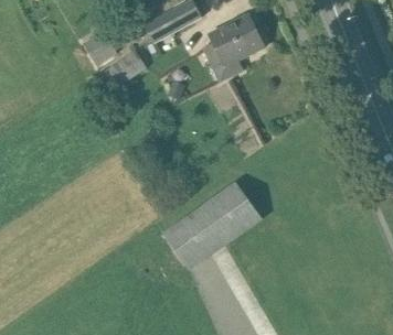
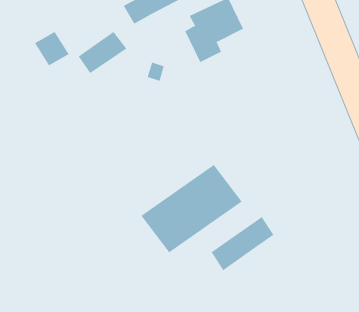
building: [82,29,117,64] -> [34,31,69,66]
building: none -> [211,216,274,271]

